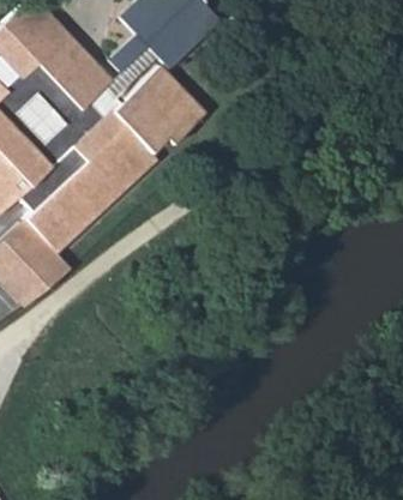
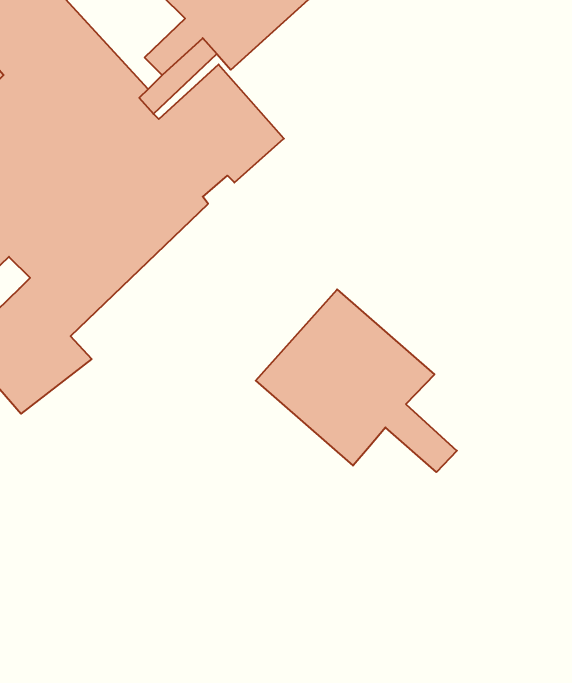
building: none -> [256,289,457,472]

